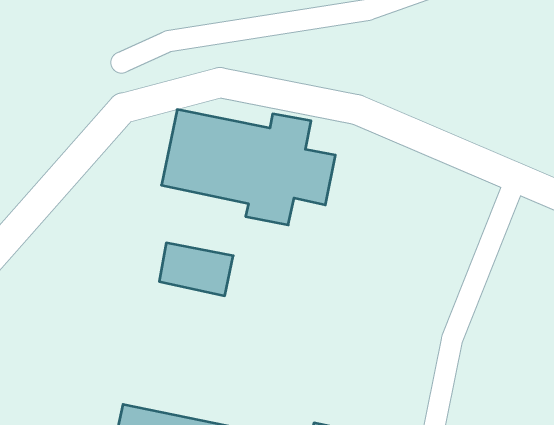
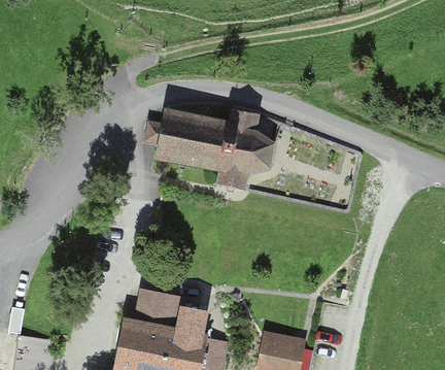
building: [159,243,233,296] -> [134,288,187,326]

